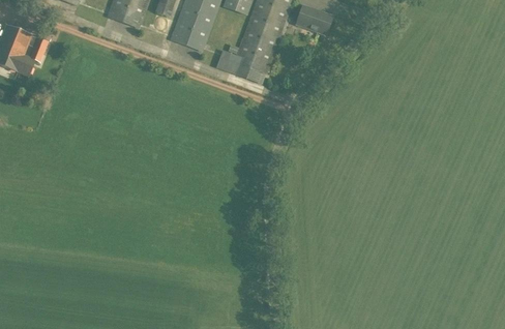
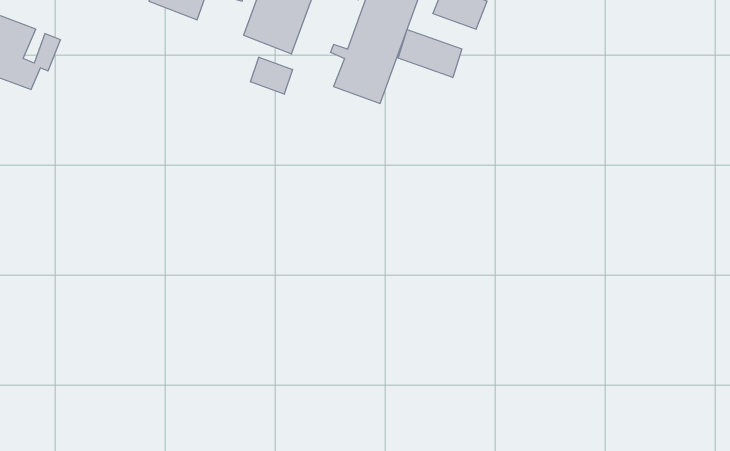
building: none -> [398,29,462,78]
building: none -> [250,57,293,94]

